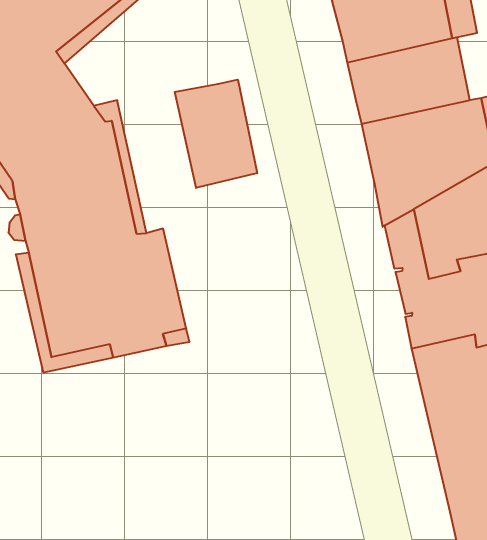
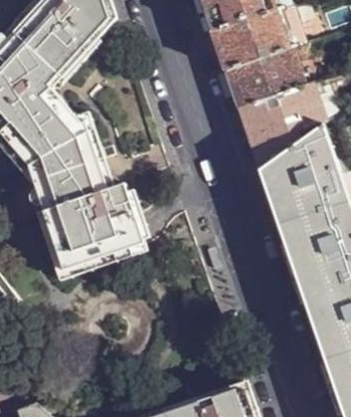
building: [175,80,257,188] -> none

